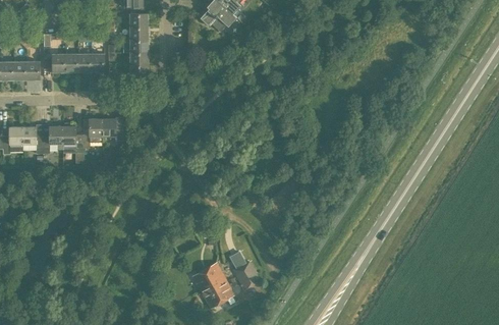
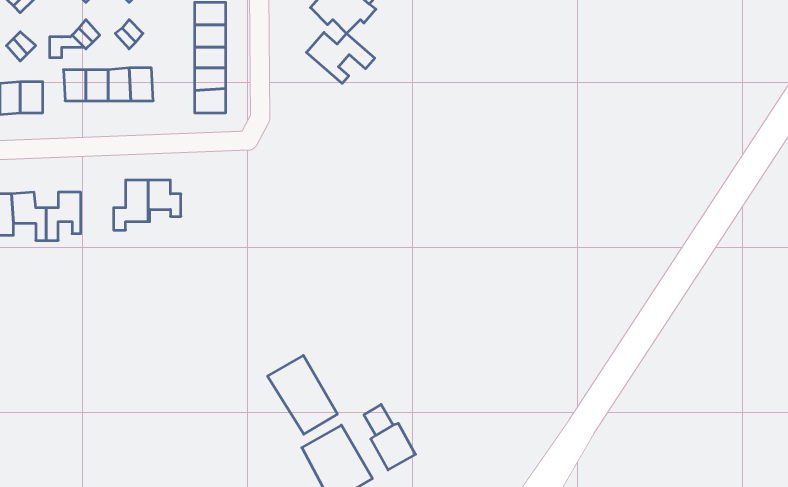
building: none -> [306,32,375,83]
building: [62,122,81,152] -> none
building: none -> [268,355,337,434]

